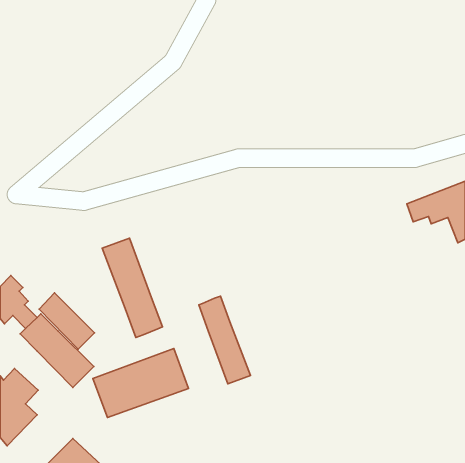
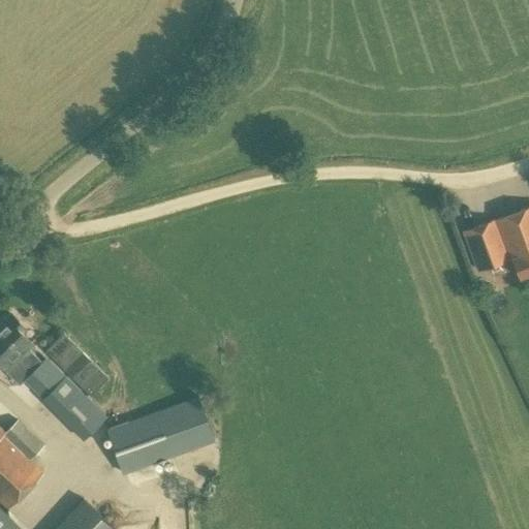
building: [102,238,162,338] -> none
building: [199,296,250,384] -> none

